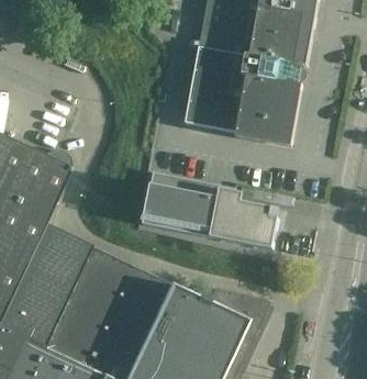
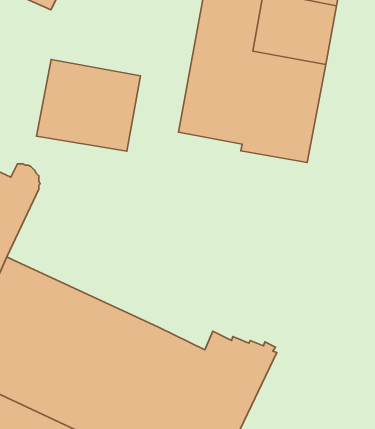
building: none -> [37,59,141,151]
building: [143,174,279,249] -> none

